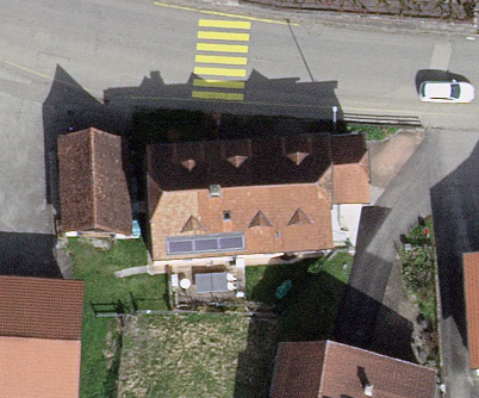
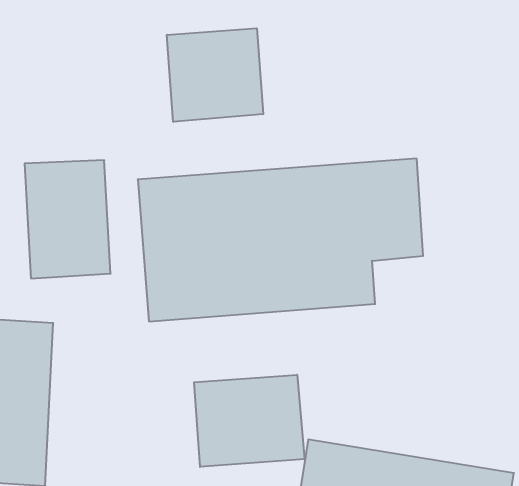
building: none -> [167,28,263,122]
building: none -> [194,375,304,467]

